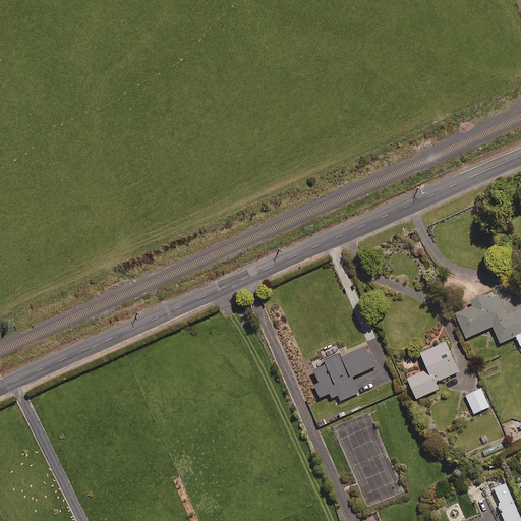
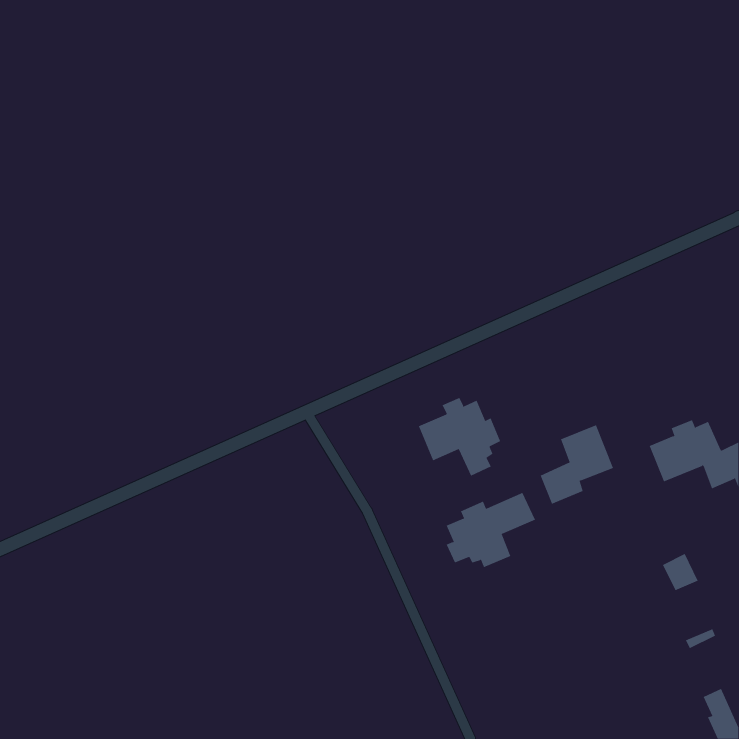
building: none -> [418,397,501,477]
building: [407,342,459,398] -> [540,425,614,504]

